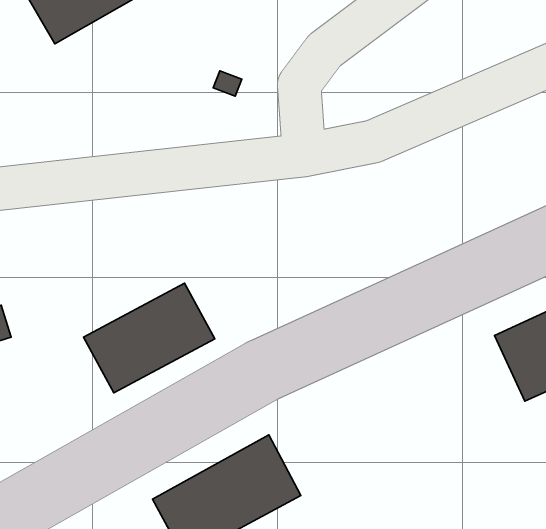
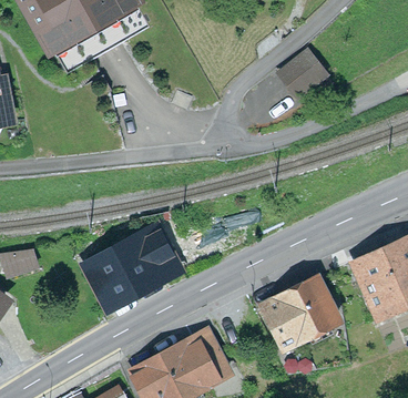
building: none -> [279,51,328,92]
building: none -> [261,276,336,345]

